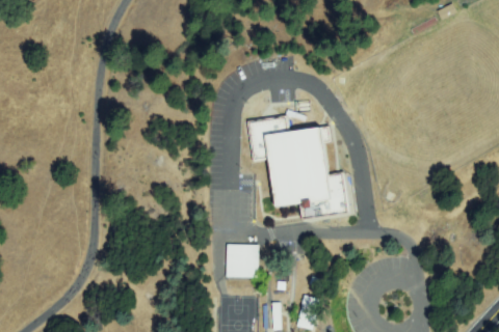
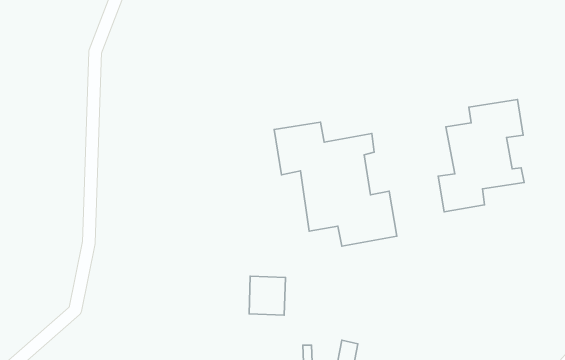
building: none -> [438,100,524,212]

